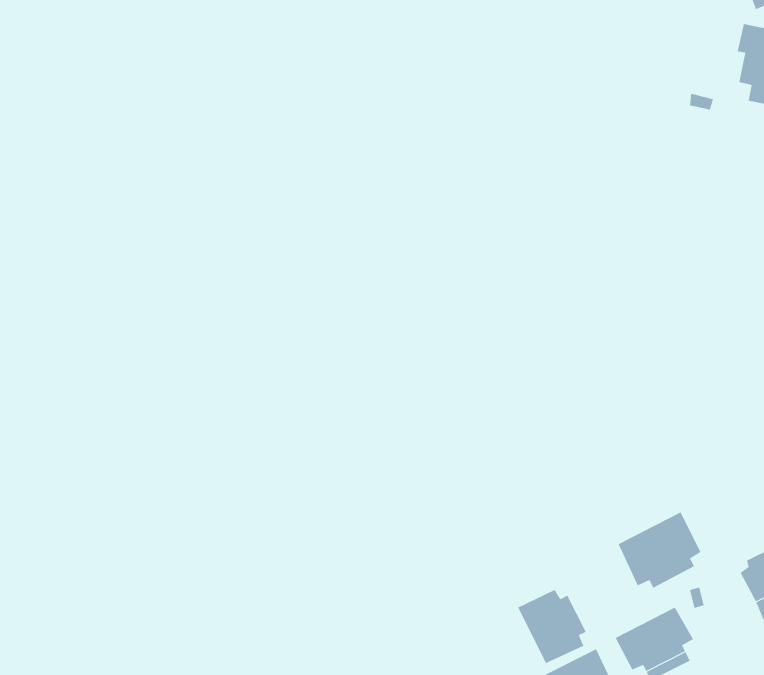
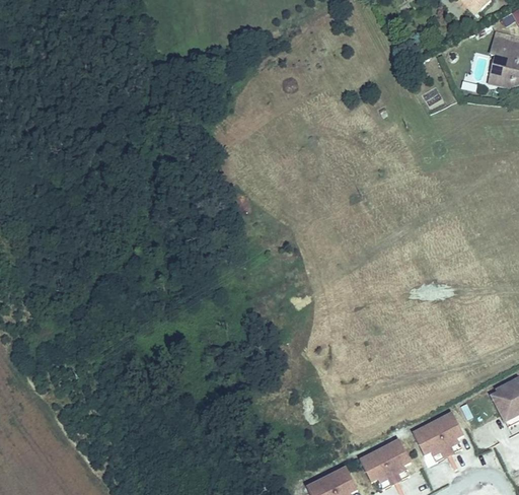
building: [618,512,701,589] -> none
building: [518,589,587,664] -> none

